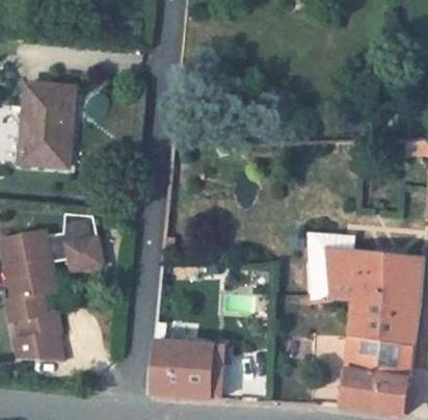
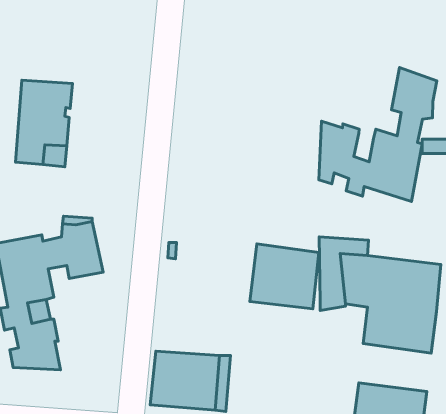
building: none -> [319,67,437,201]
building: none -> [250,244,319,309]
building: [345,335,413,380] -> none

